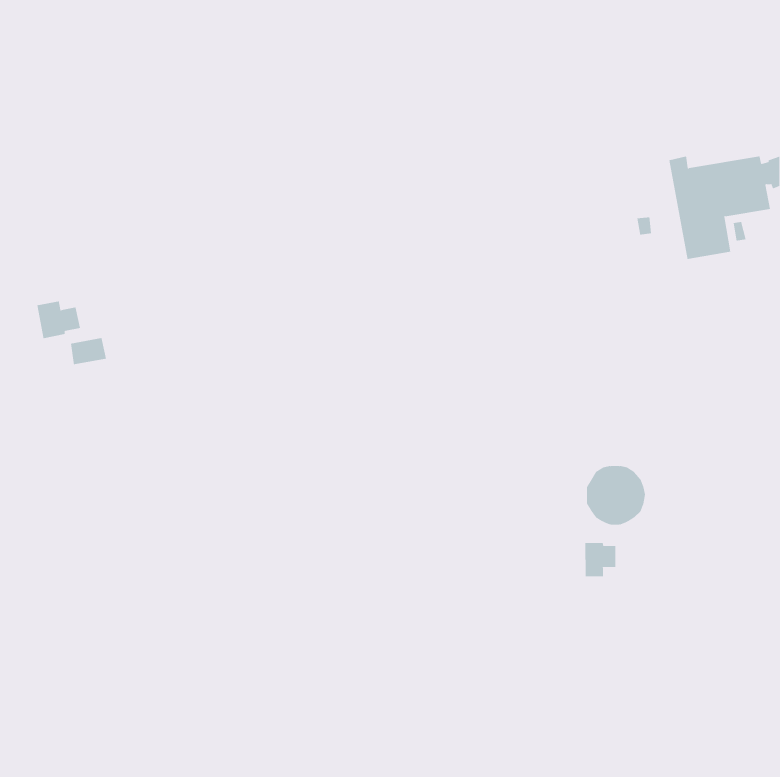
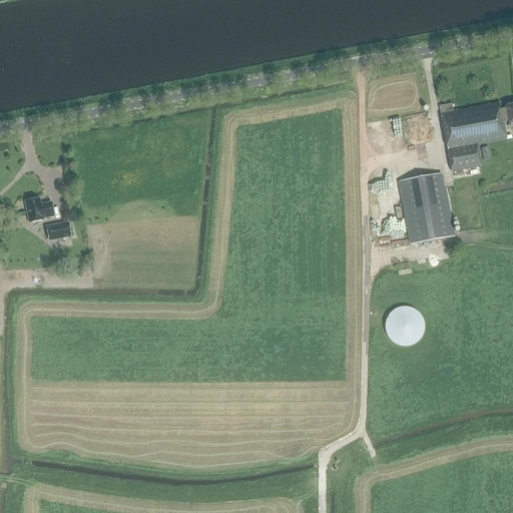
building: none -> [399,171,453,242]
building: [585,542,616,577] -> none

